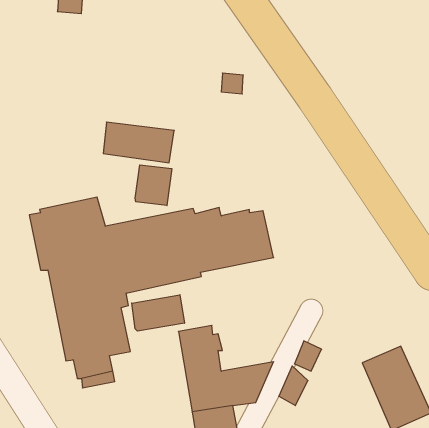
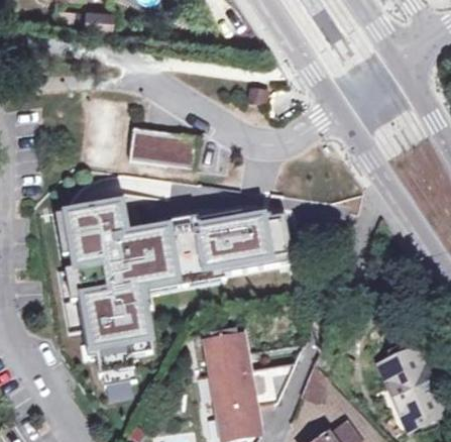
building: [135,165,172,206] -> none
building: [132,295,184,331] -> none

